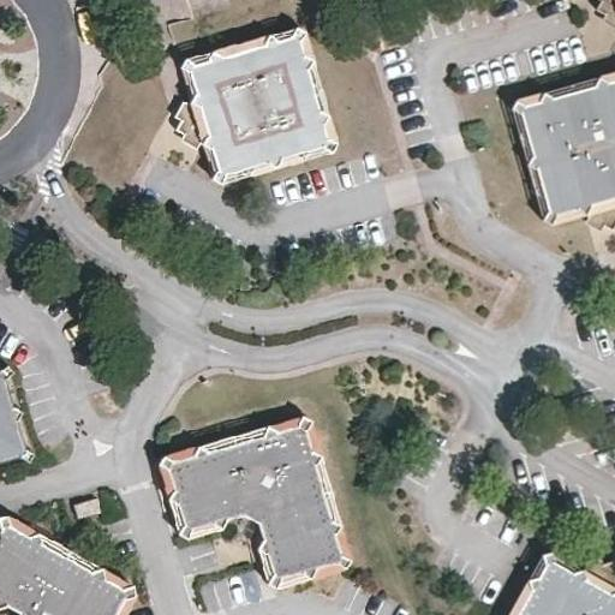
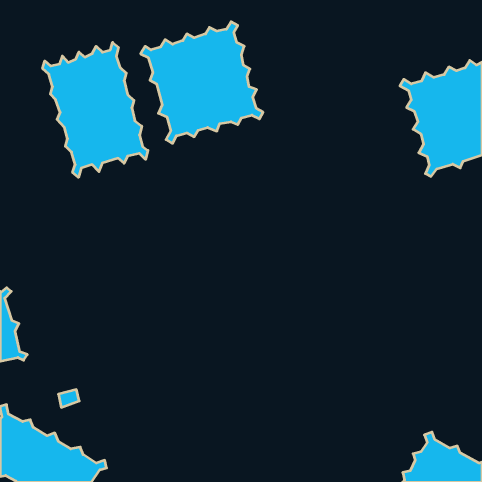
building: none -> [43,42,148,177]
building: [159,414,350,587] -> none

